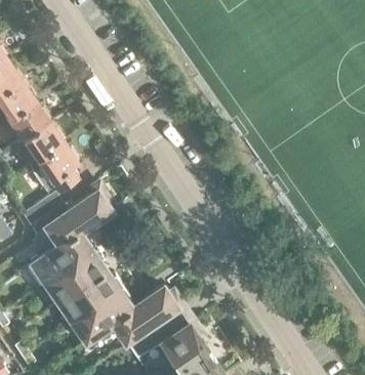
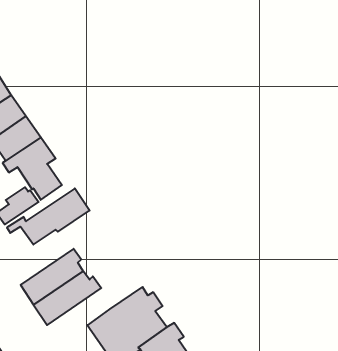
building: [30,231,95,284] -> none
building: [70,287,130,343] -> none

